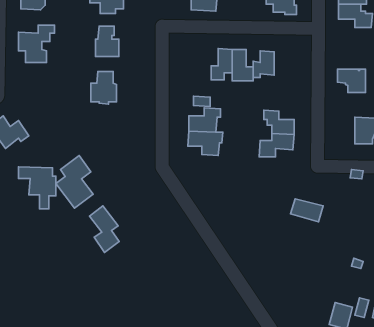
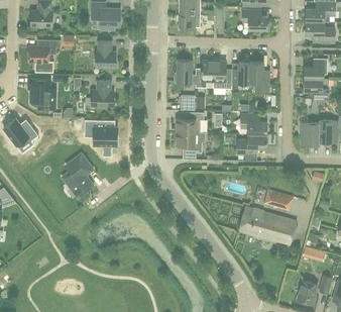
building: none -> [304,57,327,78]
building: none -> [174,59,195,83]
building: none -> [249,60,268,91]
building: none -> [27,78,55,108]
building: none -> [300,121,319,143]
building: [18,167,56,209] -> [84,118,116,154]
building: [90,206,119,253] -> none
building: none -> [238,205,296,243]

